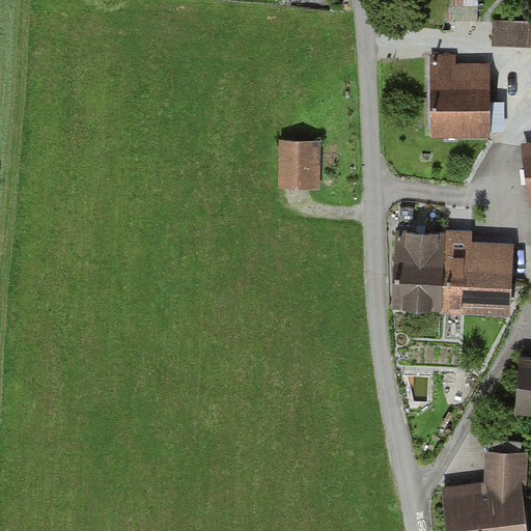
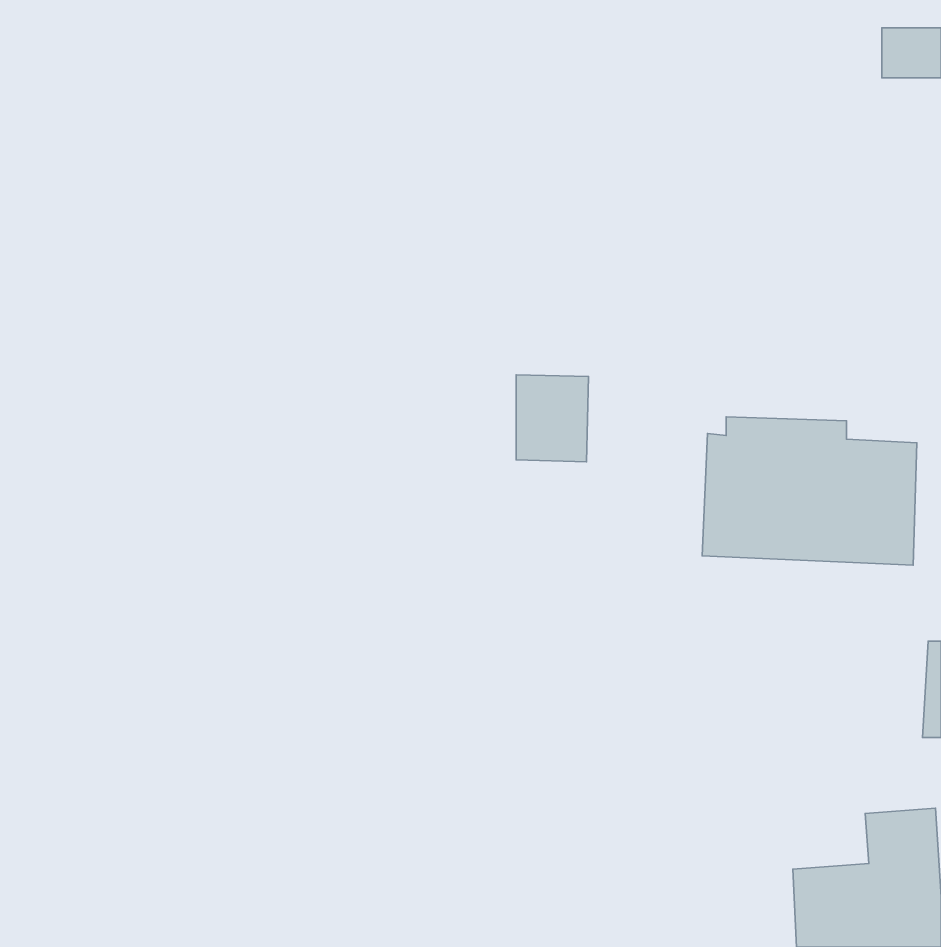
building: [427,64,488,137] -> none
building: [279,141,319,190] -> [516,375,589,462]

